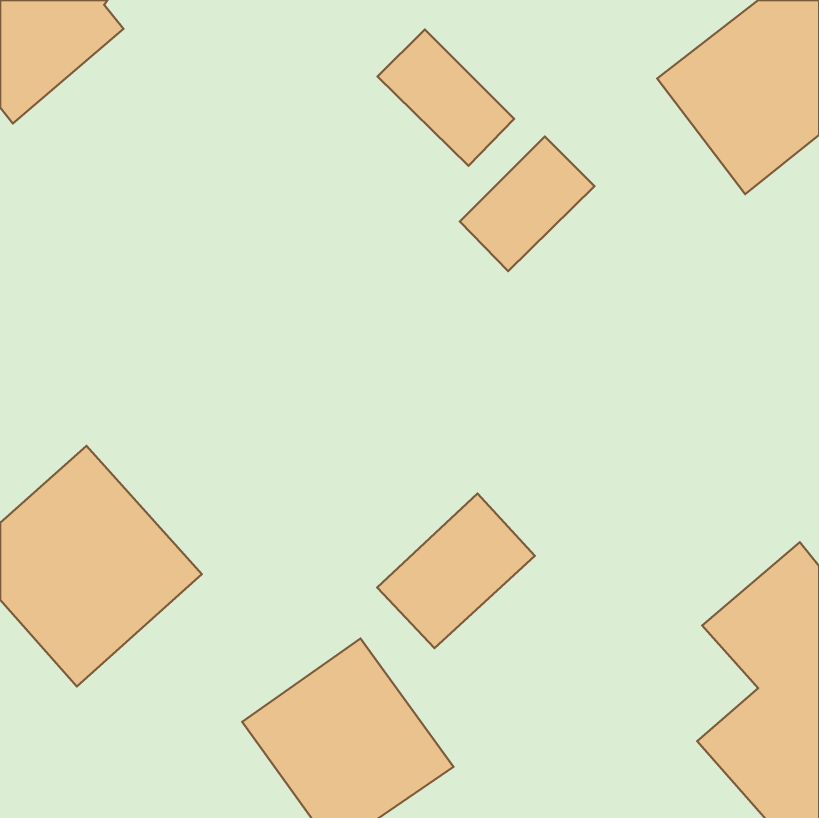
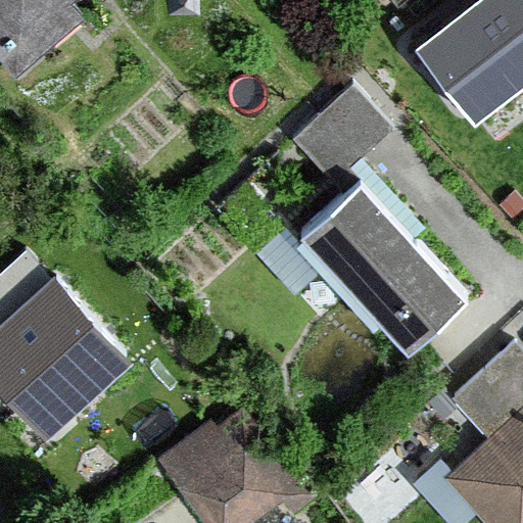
building: [378,29,514,166] -> none
building: none -> [306,178,469,344]
building: [377,494,535,648] -> none

